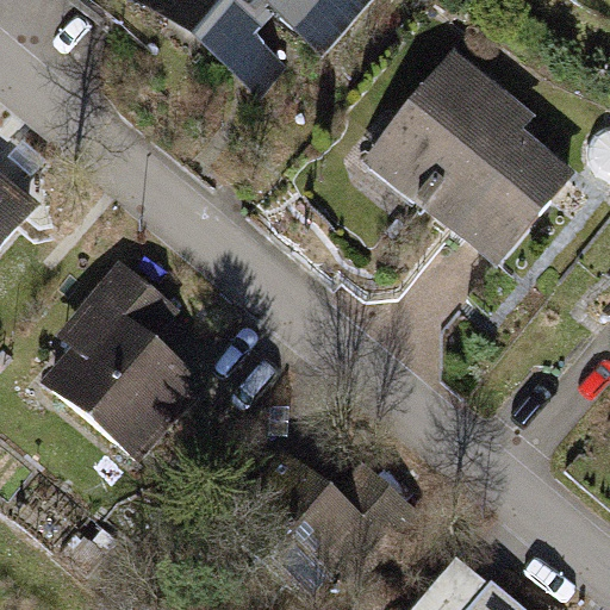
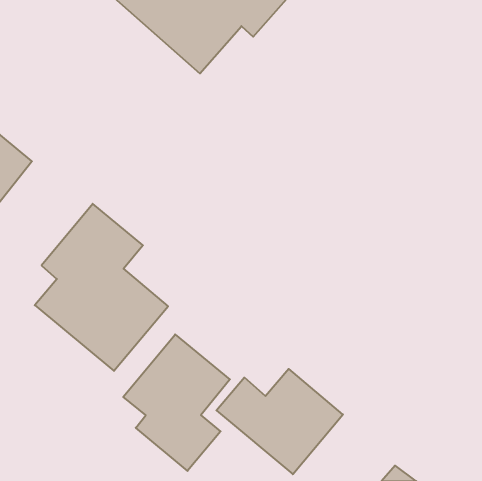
building: [360,48,579,273] -> none
building: none -> [123,334,230,471]

